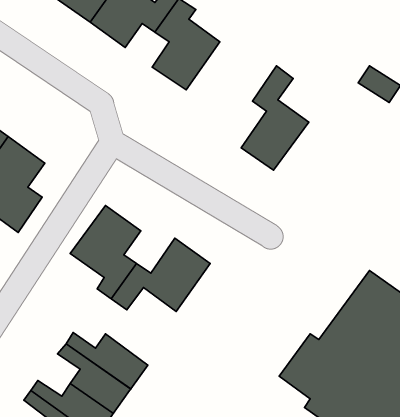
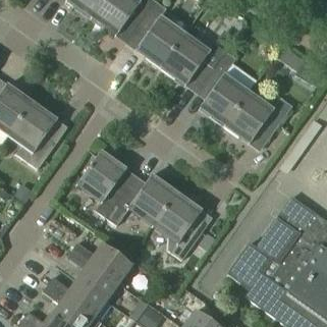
building: none -> [160,31,225,85]
building: none -> [223,89,292,146]
building: none -> [153,190,203,258]

